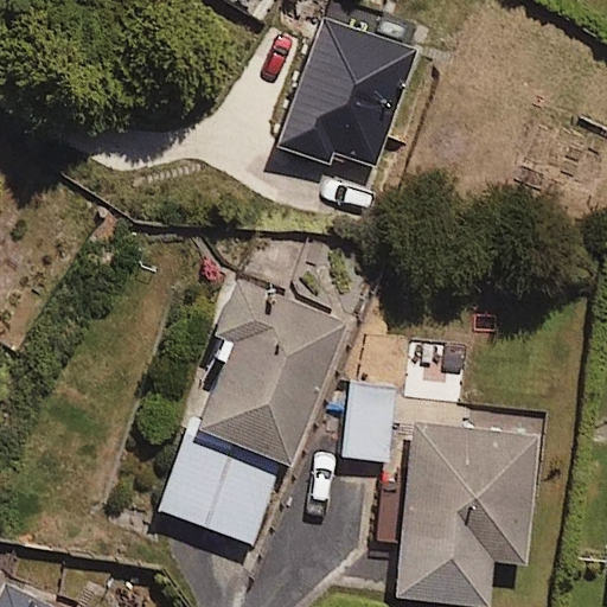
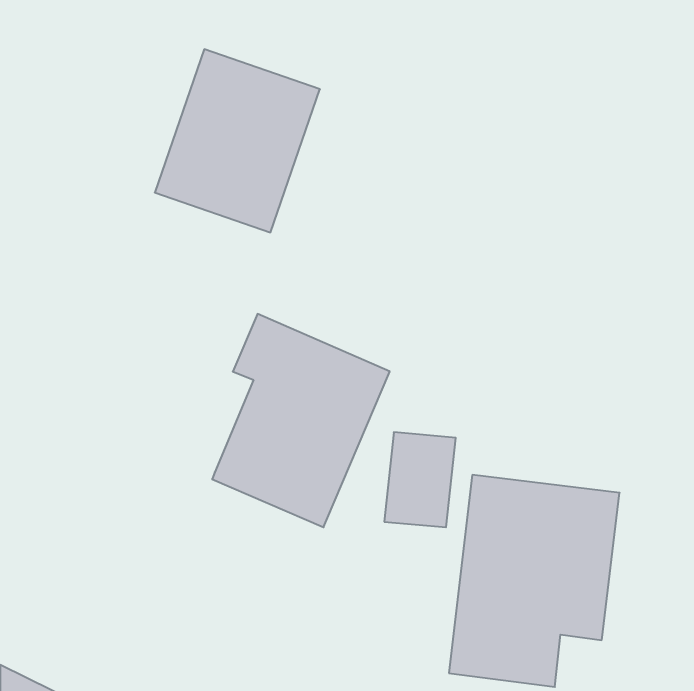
building: [279,15,421,173] -> [155,49,320,232]
building: [154,423,287,550] -> none

